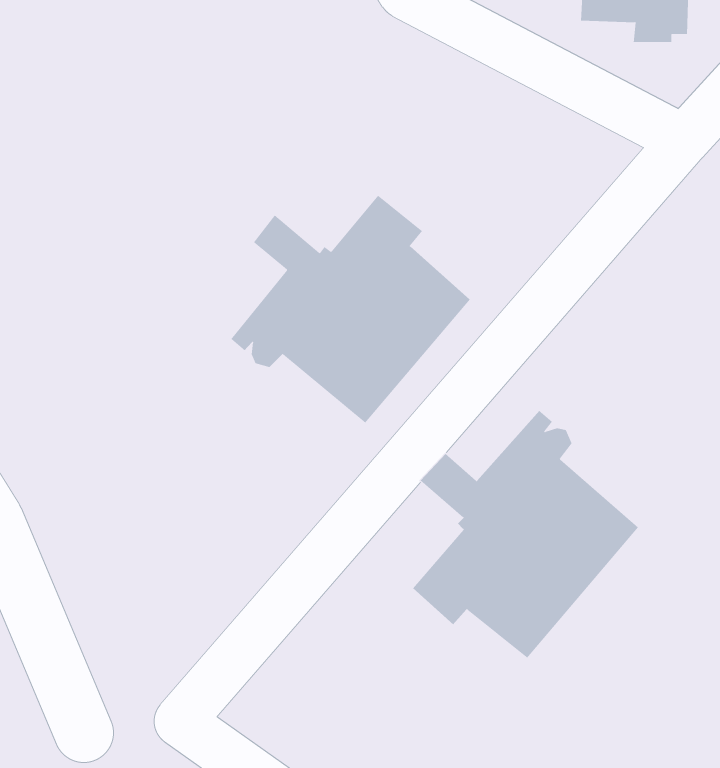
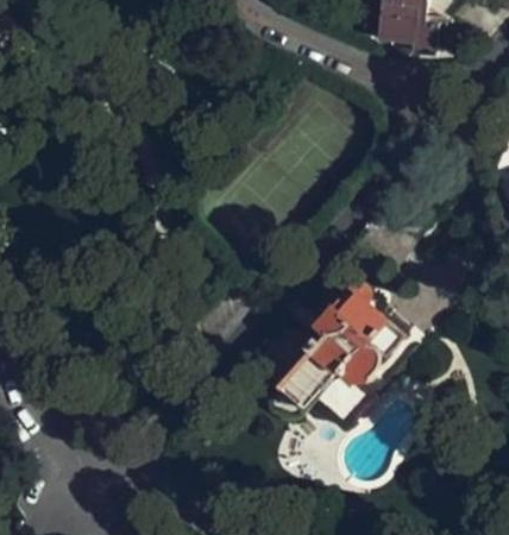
building: [230,195,471,423] -> none

